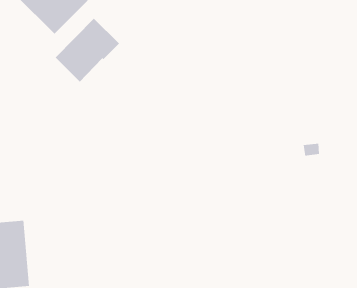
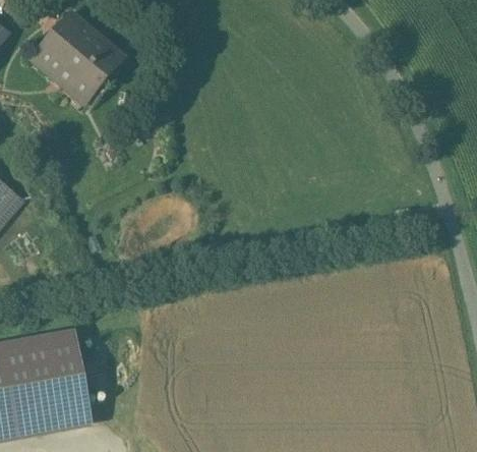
building: [55,18,120,83] -> none

